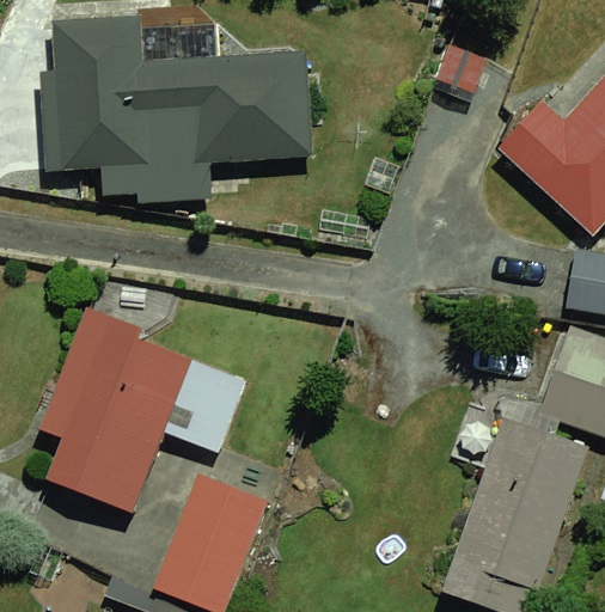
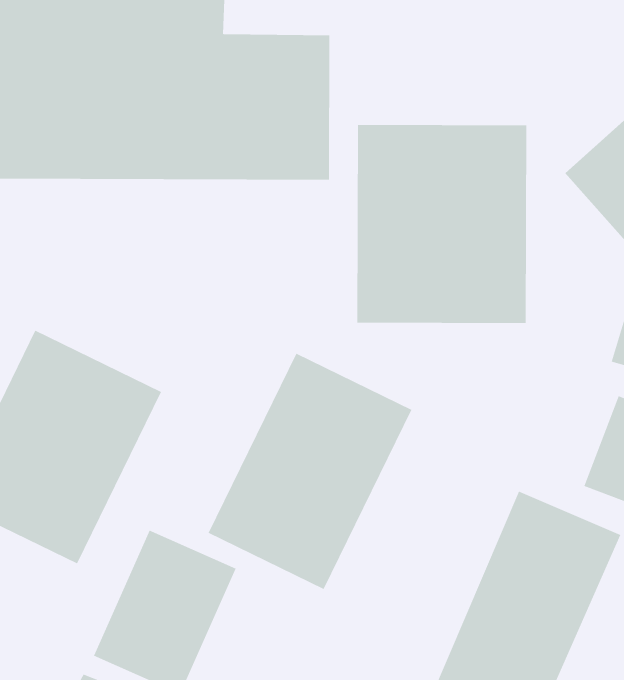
building: none -> [357,124,527,324]
building: none -> [208,353,412,590]

